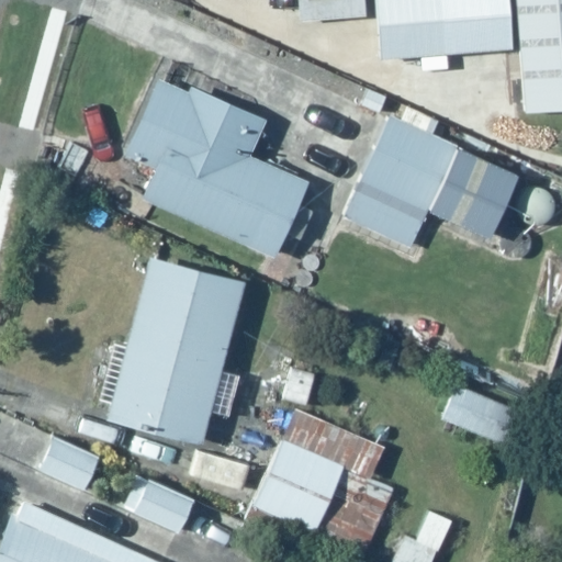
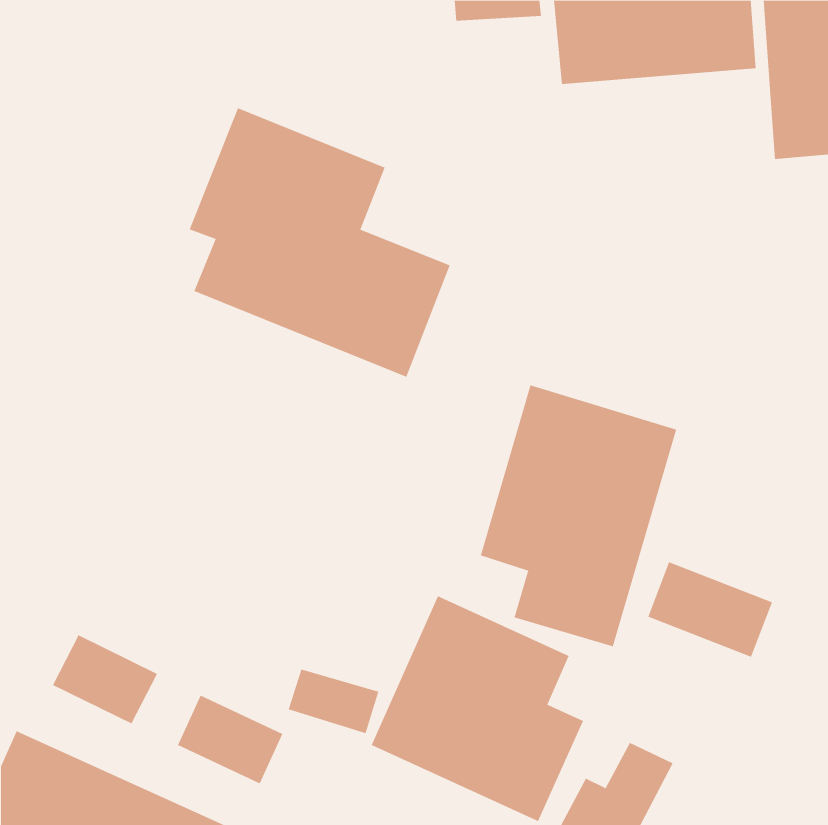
building: [349,97,518,250] -> none
building: [104,250,246,440] -> none
building: none -> [480,384,677,647]

